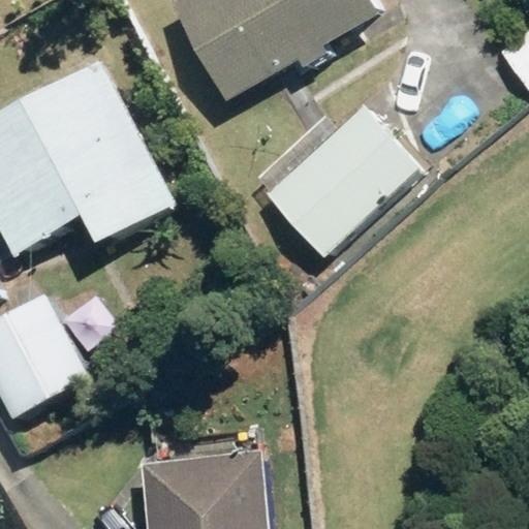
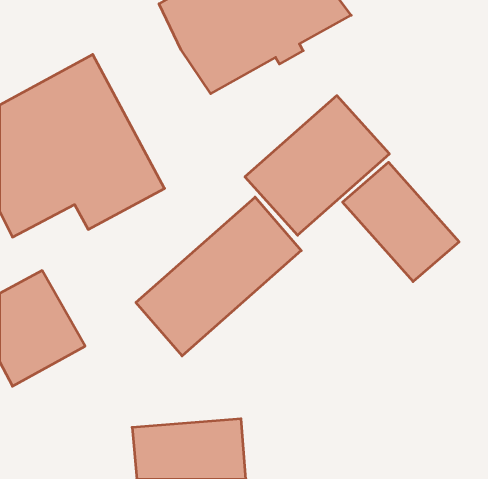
building: none -> [343,162,459,282]
building: none -> [136,197,301,356]

